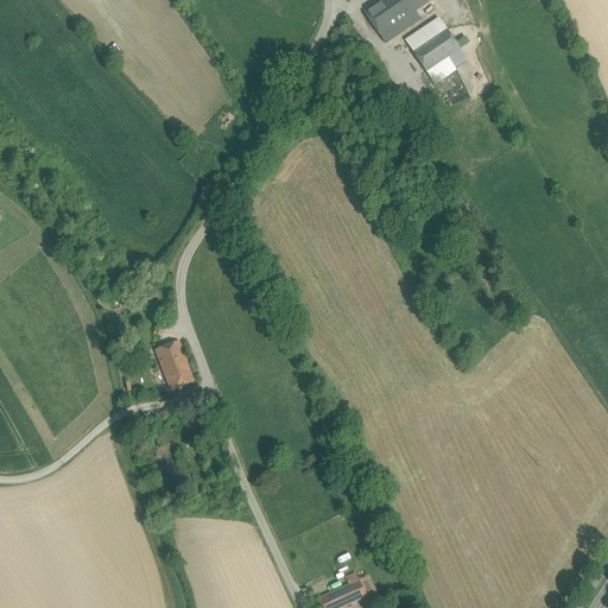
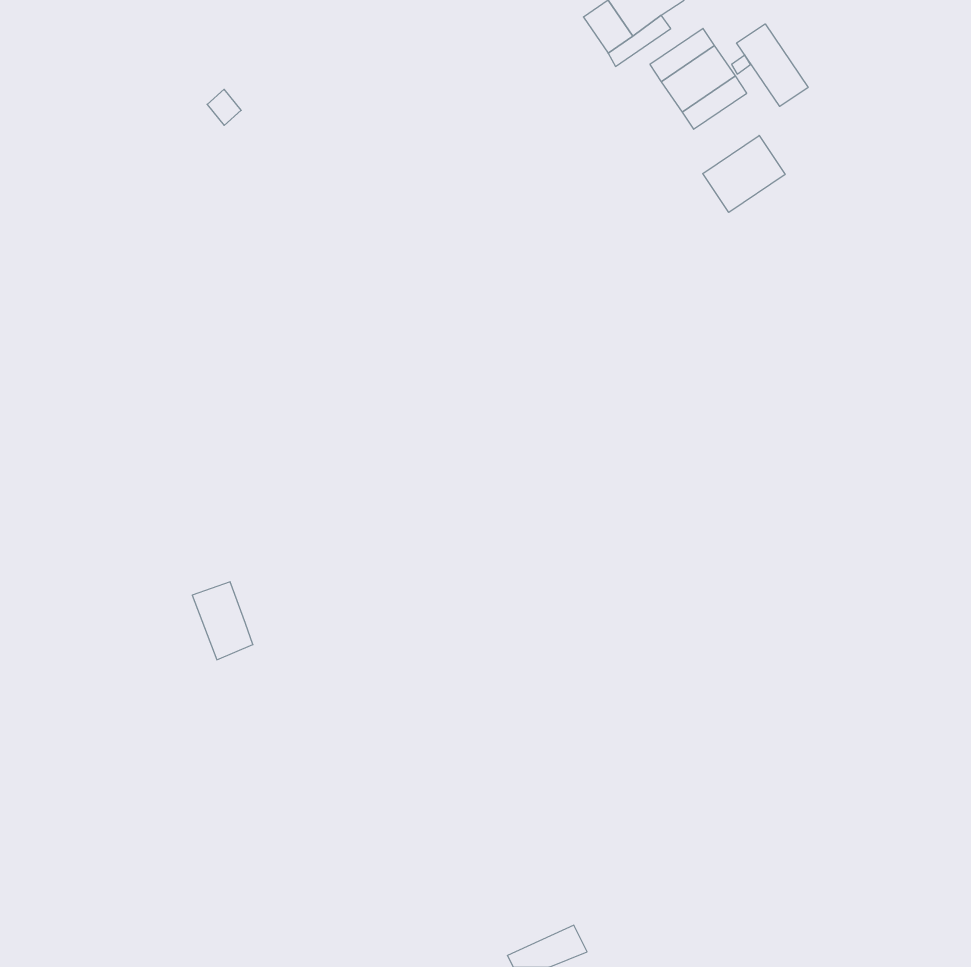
building: none -> [737,24,808,106]
building: none -> [703,135,785,212]
building: [156,341,194,390] -> [192,582,253,660]

